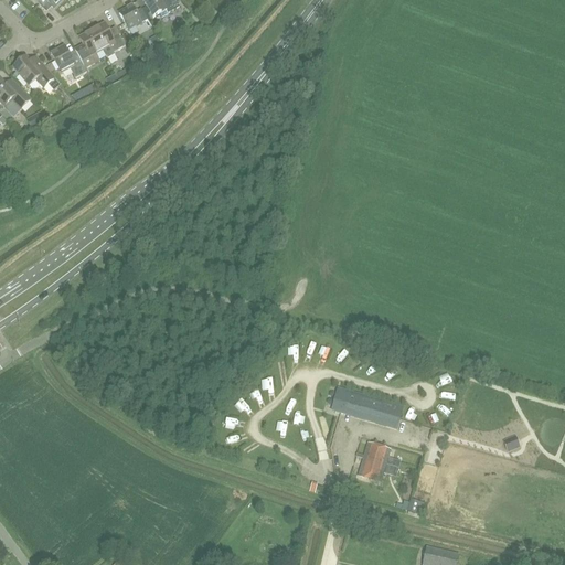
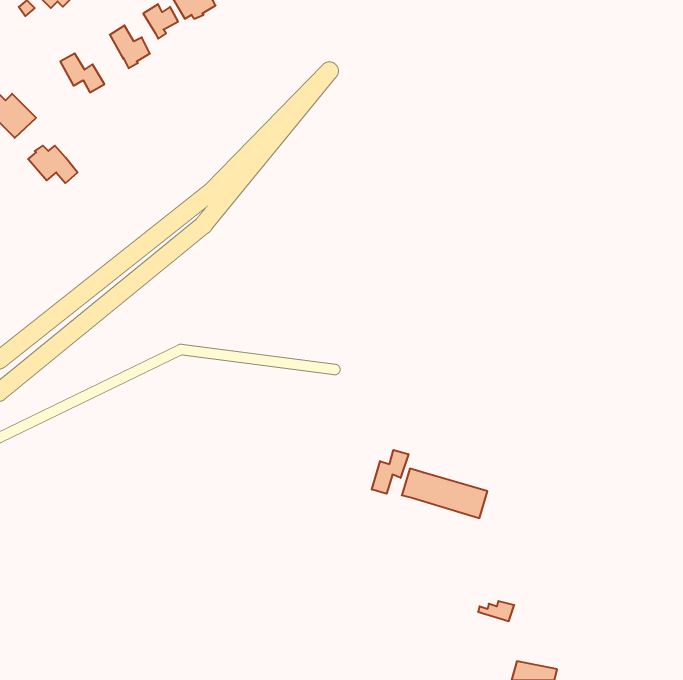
building: [73,29,102,66] -> none
building: [12,55,53,86] -> [28,146,78,183]
building: none -> [372,450,408,494]
building: [359,443,388,479] -> none

